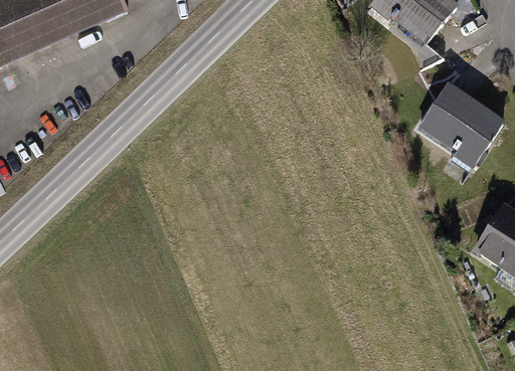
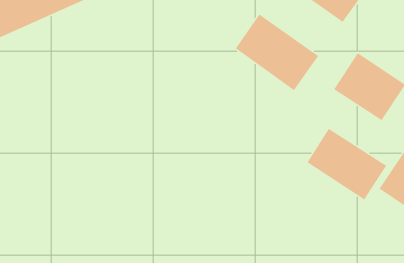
building: none -> [235,13,319,91]
building: none -> [307,128,387,200]

